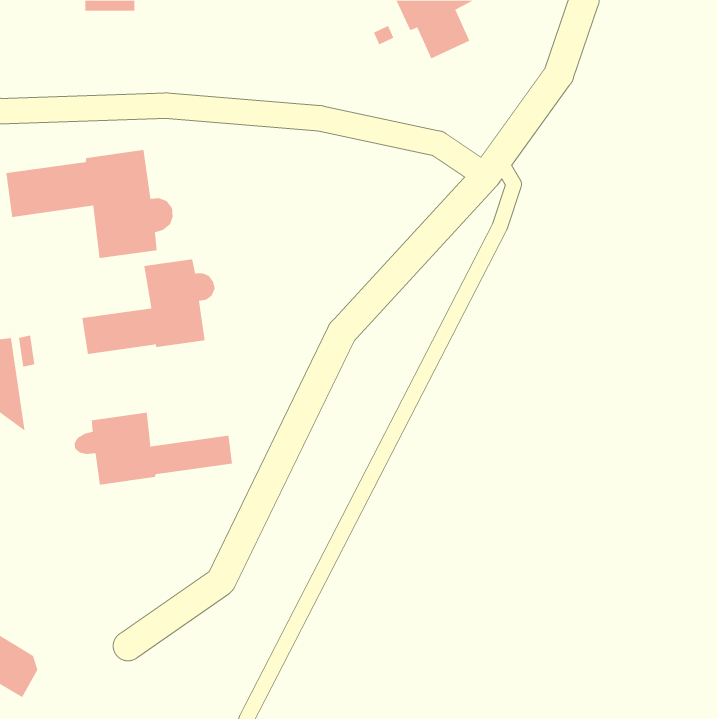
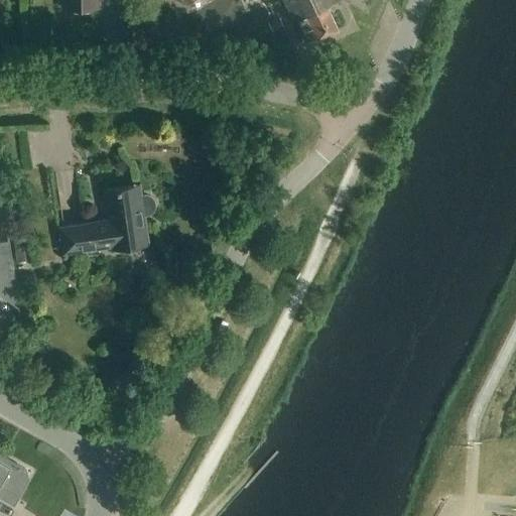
building: [6,149,173,259] -> none
building: [74,412,233,485] -> none

